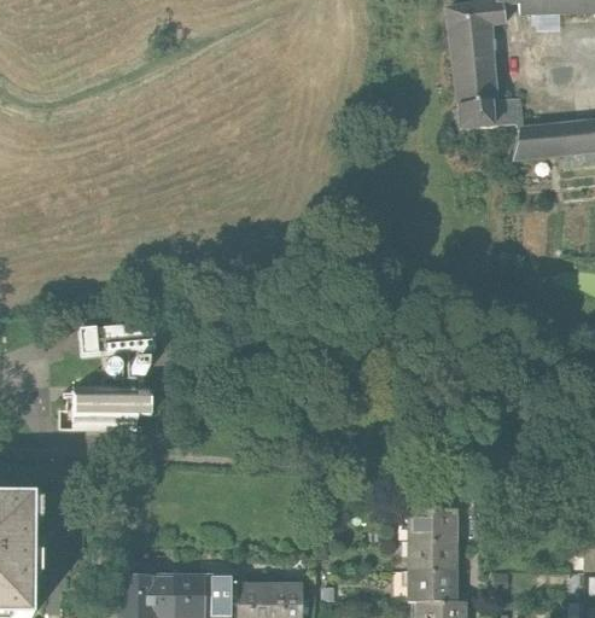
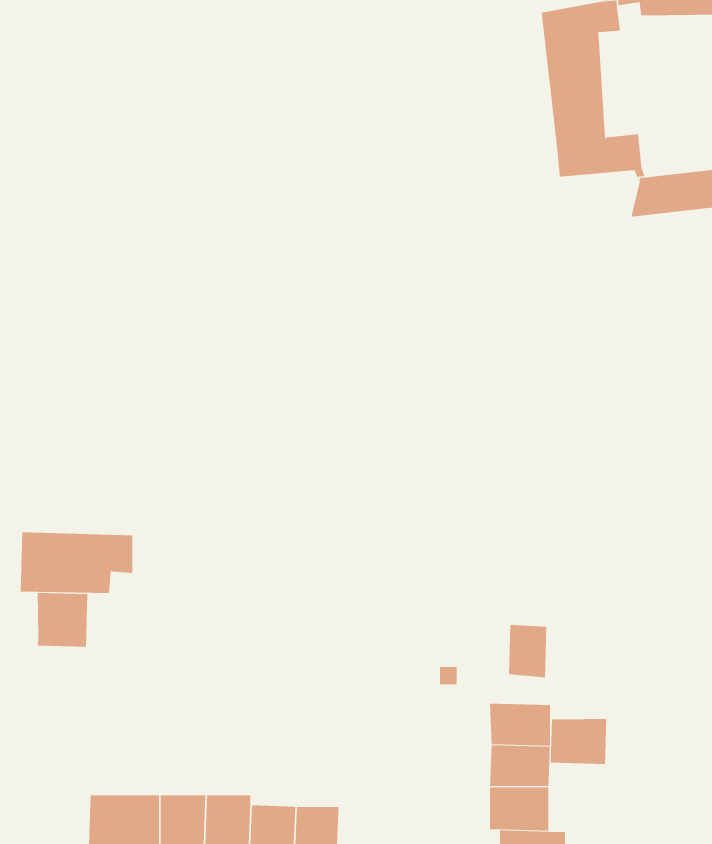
building: none -> [37,592,88,648]
building: none -> [509,624,547,678]
building: none -> [550,718,607,765]

